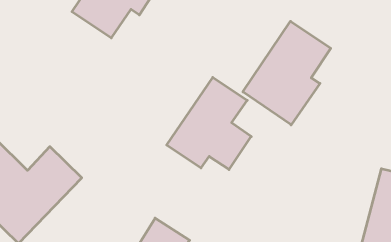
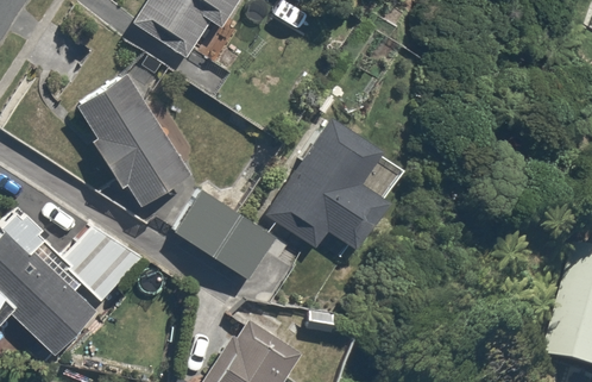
building: [243,21,331,125] -> none
building: none -> [78,75,187,207]
building: none -> [174,186,277,282]

